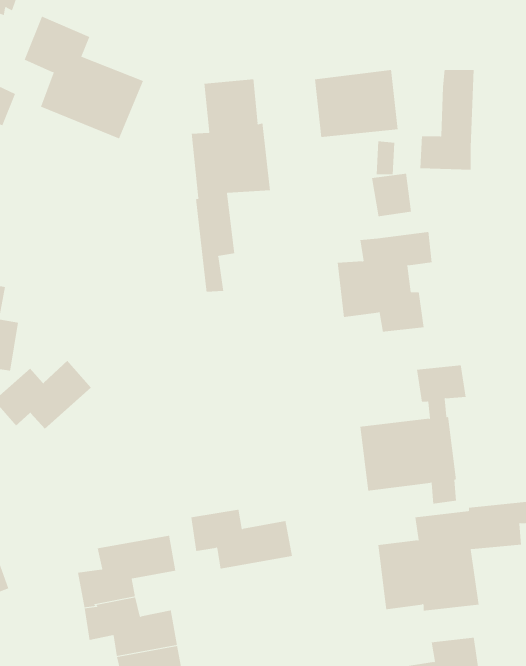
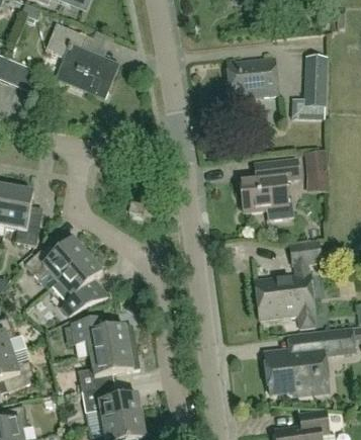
building: [191,79,270,293] -> none
building: [371,173,412,217] -> [303,149,329,176]
building: none -> [53,254,110,317]
building: [191,509,293,569] -> [72,317,136,354]

